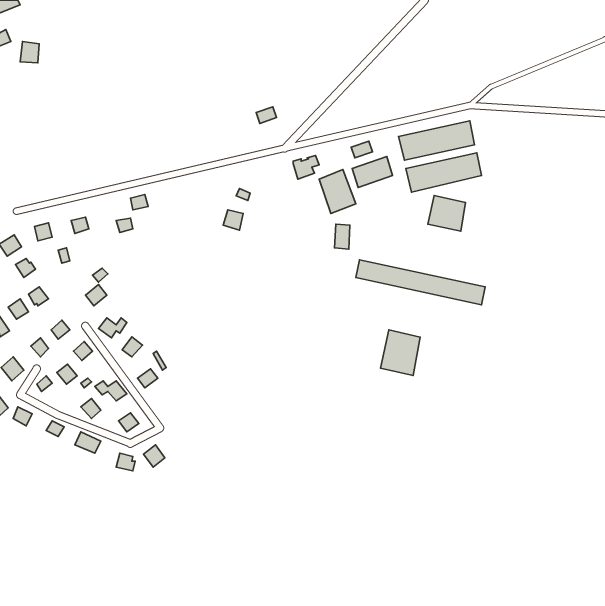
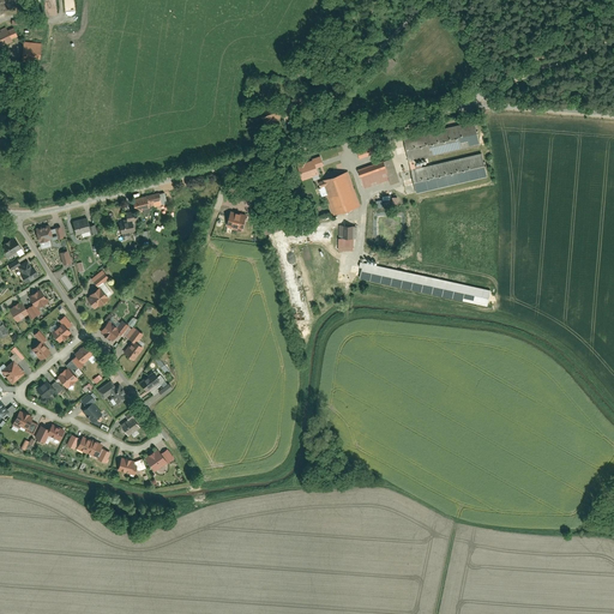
building: [428,195,466,231] -> none
building: [380,330,420,375] -> none

